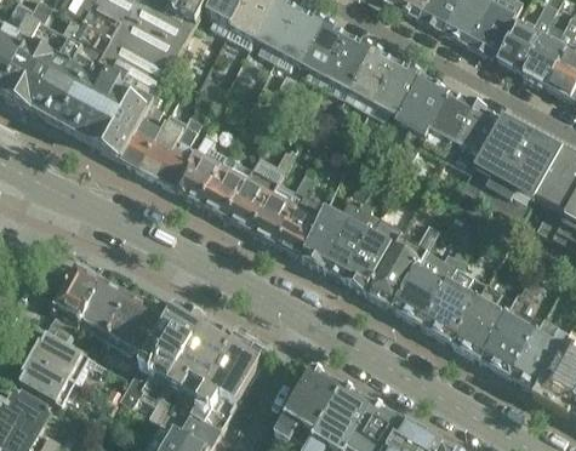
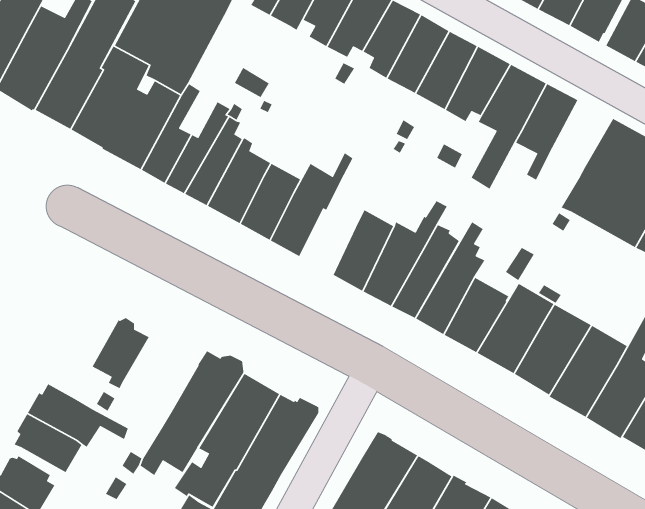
building: [443,103,504,173] -> none
building: [251,169,314,245] -> none
building: [47,264,104,344] -> none
building: [108,293,169,355] -> none

